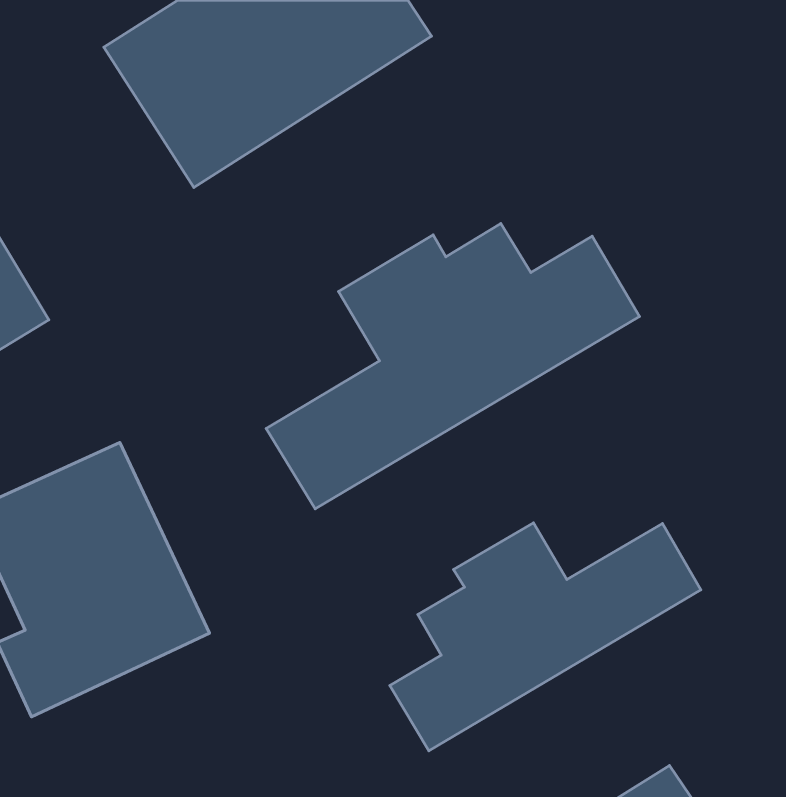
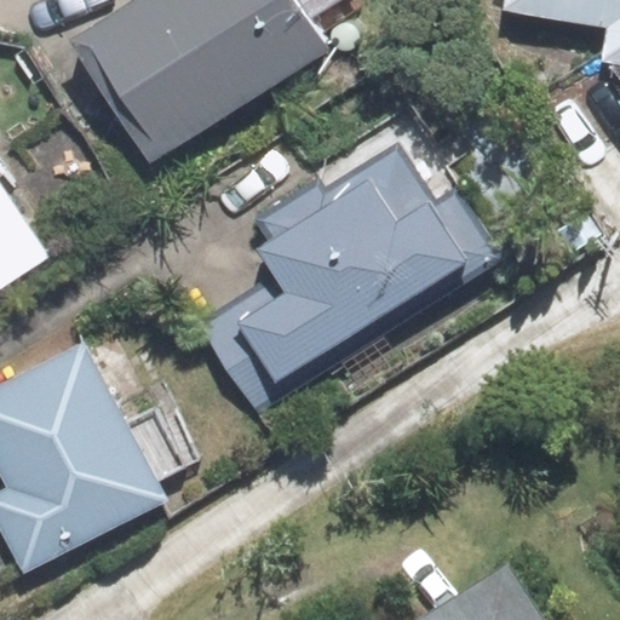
building: [390,523,701,751] -> none

